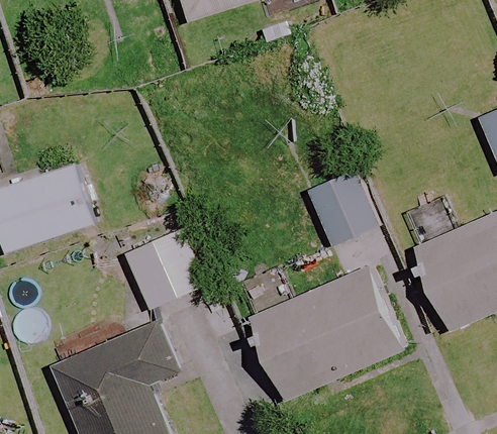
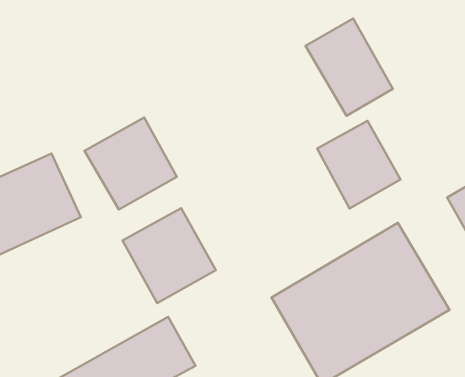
building: none -> [305,19,393,116]
building: none -> [84,118,177,210]

